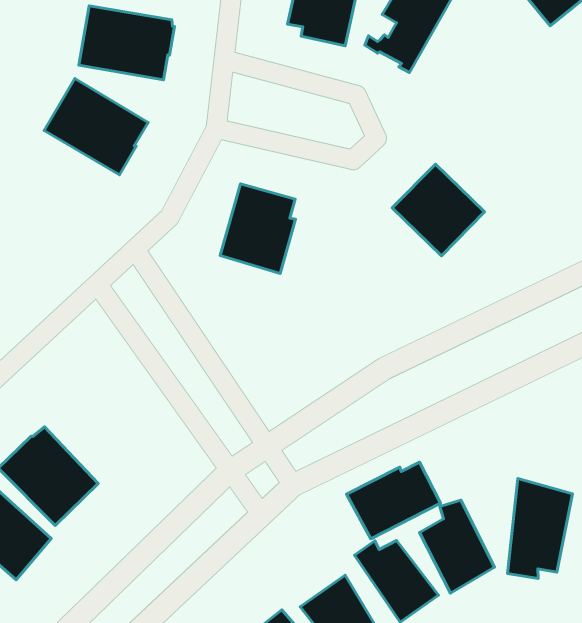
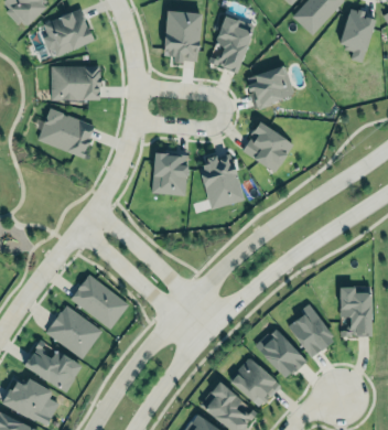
building: none -> [246,66,295,108]
building: none -> [201,153,244,207]
building: none -> [69,275,129,330]
building: [346,462,440,539] -> none

